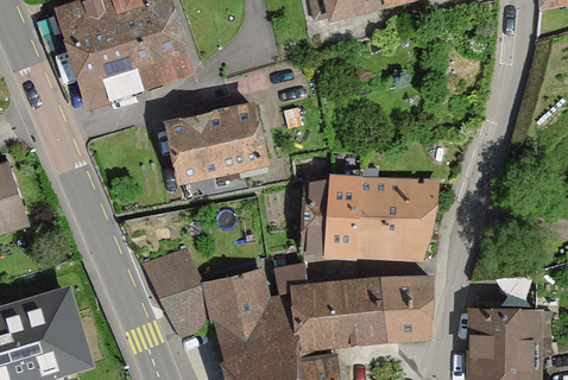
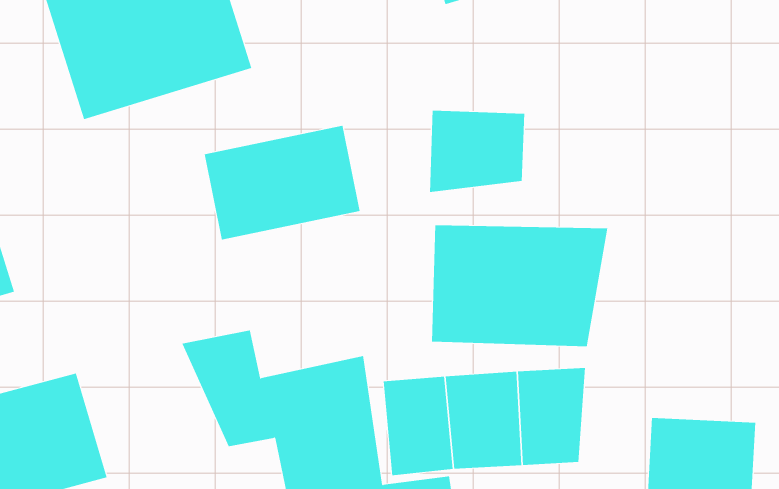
building: none -> [430,110,525,193]

